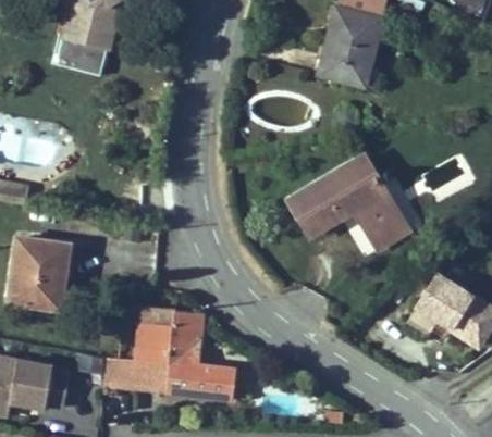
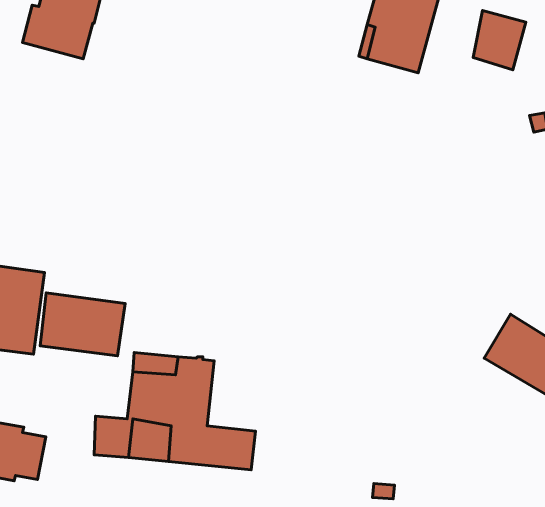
building: none -> [473,11,526,70]
building: [290,157,408,249] -> none
building: none -> [40,293,125,356]

